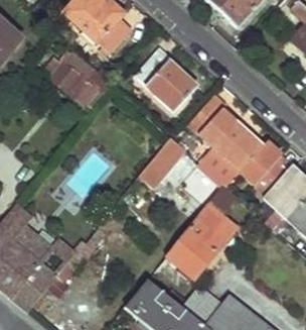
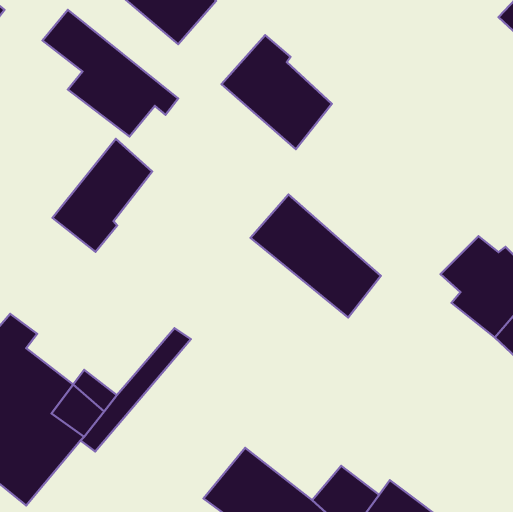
building: [188,94,265,172] -> none
building: none -> [52,139,152,252]
building: [167,181,241,278] -> none

